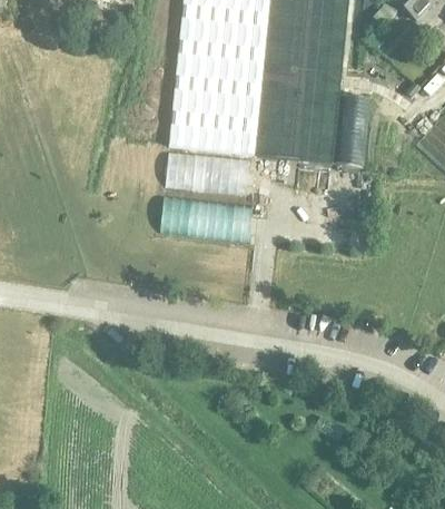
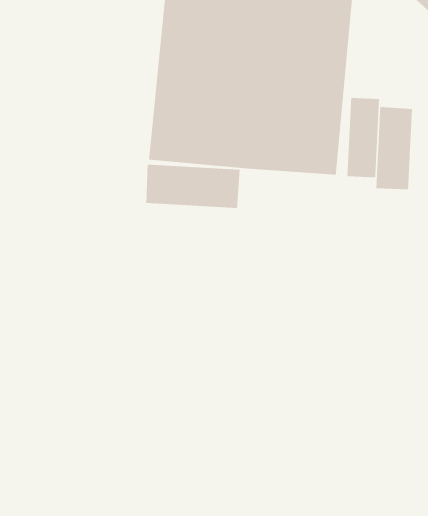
building: none -> [376,106,413,190]
building: [161,198,251,235] -> none

